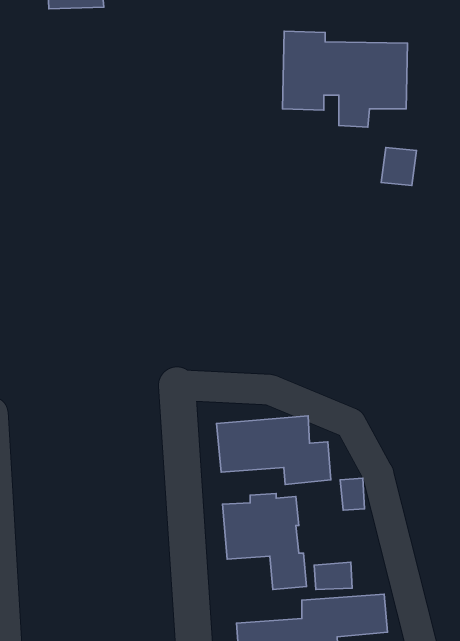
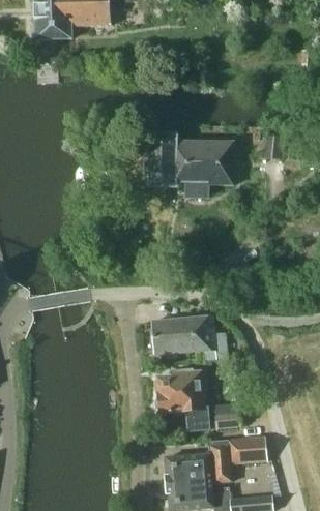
building: [283,31,408,127] -> [149,131,234,197]

